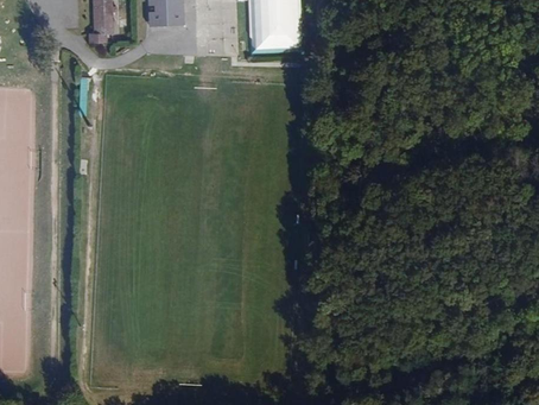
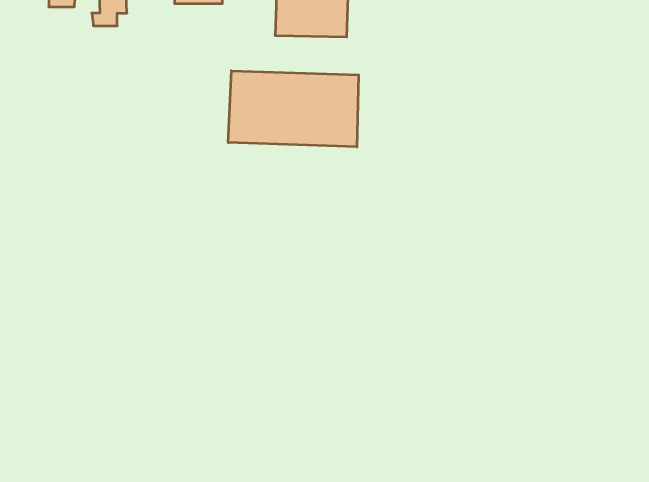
building: none -> [228,71,359,147]

